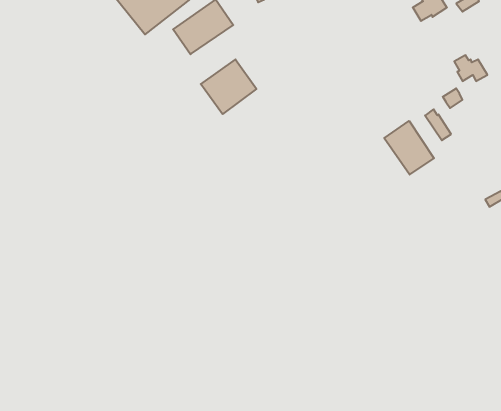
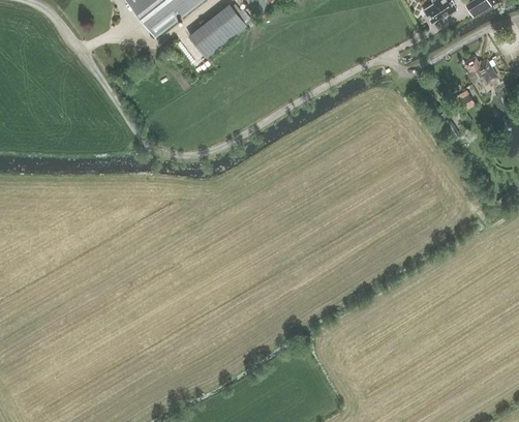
building: [201,59,256,114] -> none
building: [384,121,434,175] -> none

